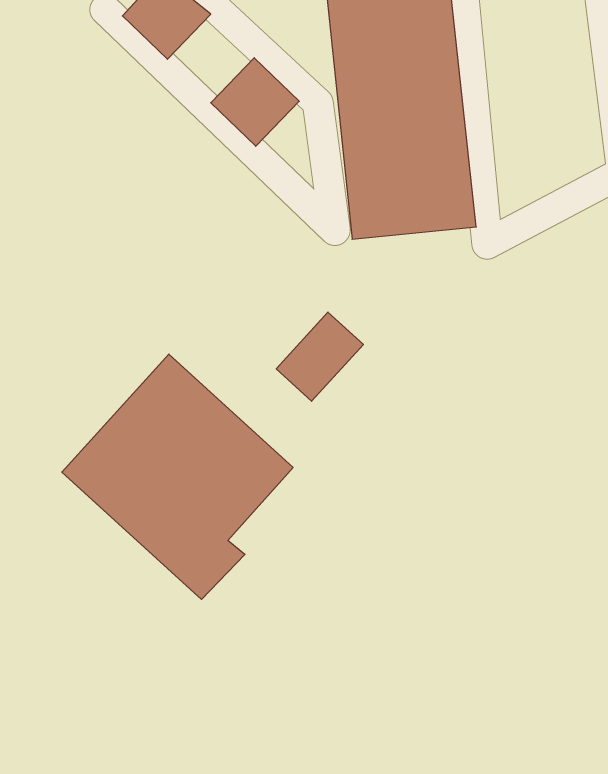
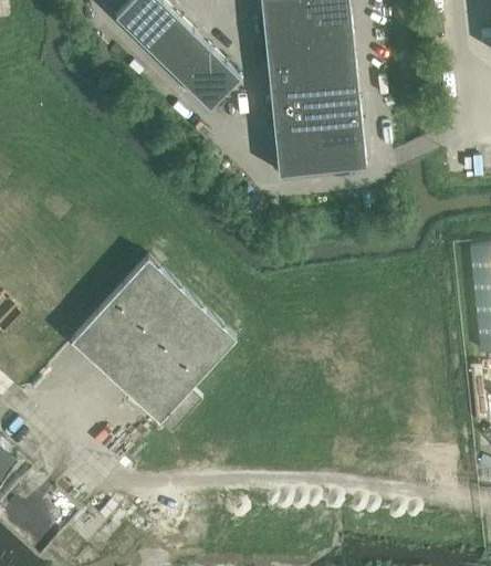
building: none -> [147,17,209,80]
building: [276,312,363,401] -> none

